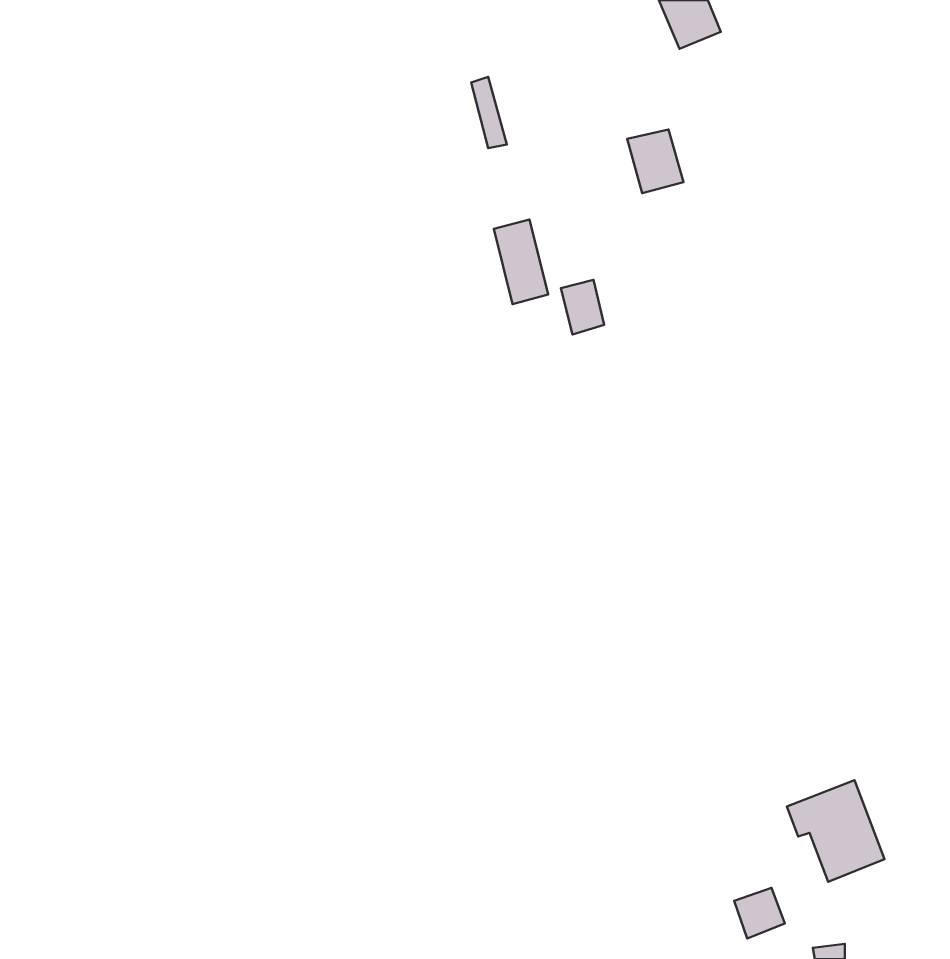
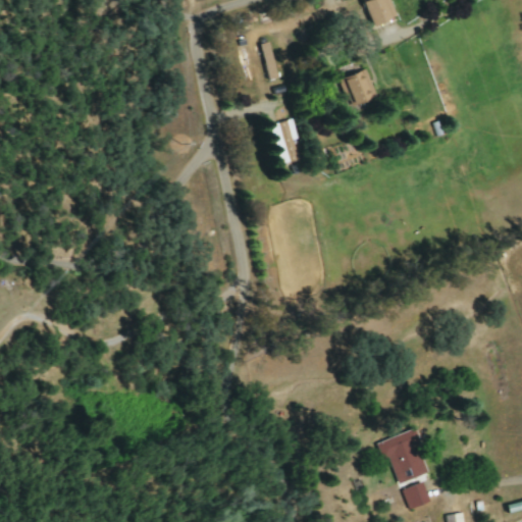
building: [561,280,604,334] -> none
building: [787,780,885,882] -> [377,429,430,484]

